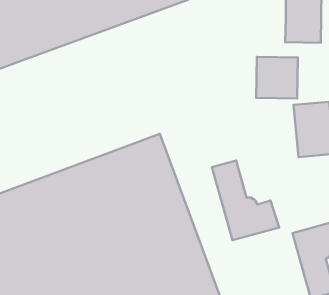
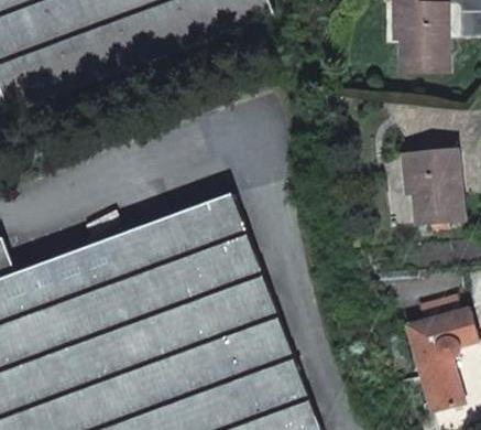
building: [256,57,298,99] -> none
building: [212,160,279,240] -> none

